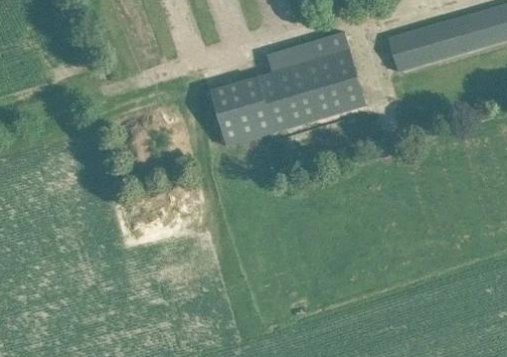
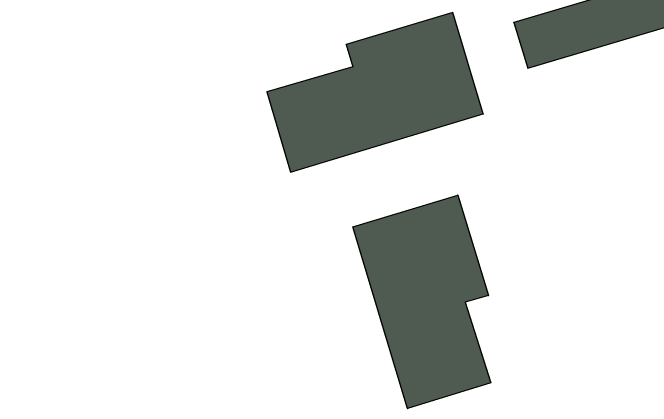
building: none -> [353,195,491,409]

